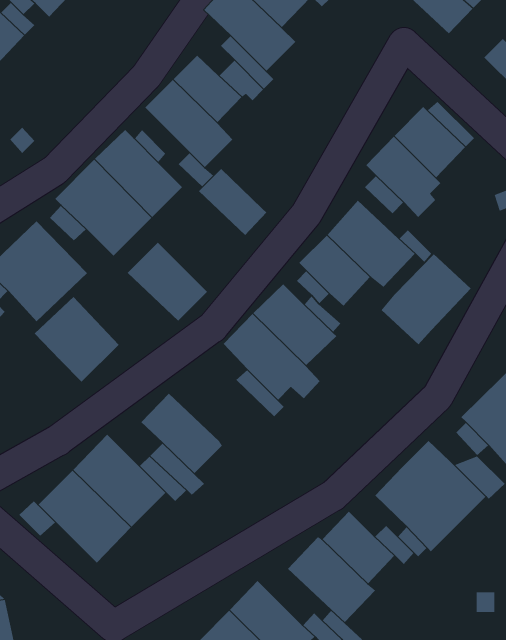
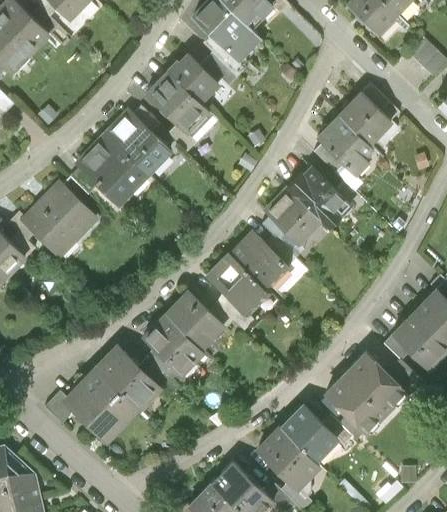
building: [198,168,267,236] -> none
building: [127,242,208,322] -> [163,289,226,351]
building: [381,253,471,345] -> none
building: [34,296,120,382] -> none

